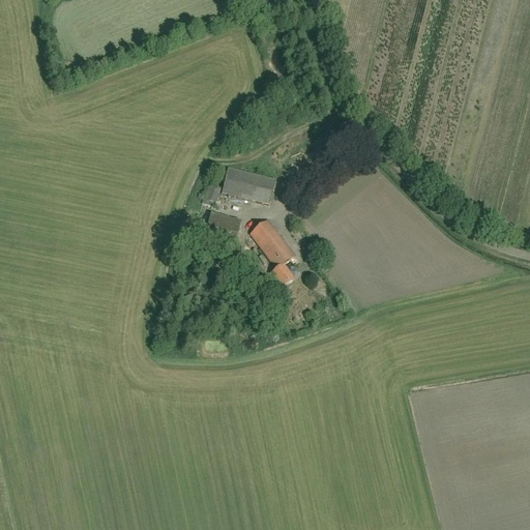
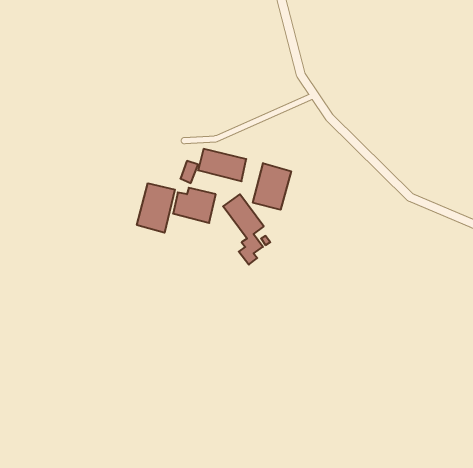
building: none -> [253,163,291,210]
building: none -> [137,183,175,233]

